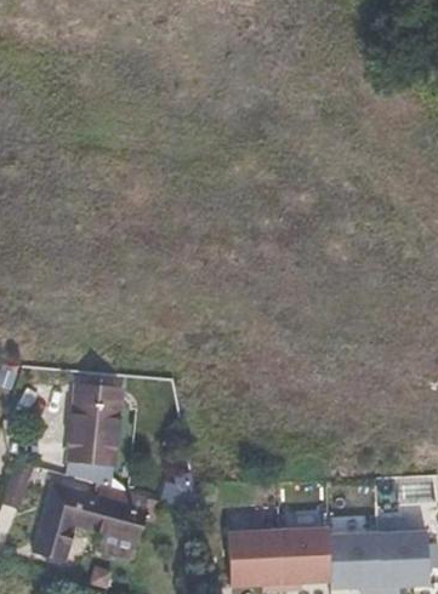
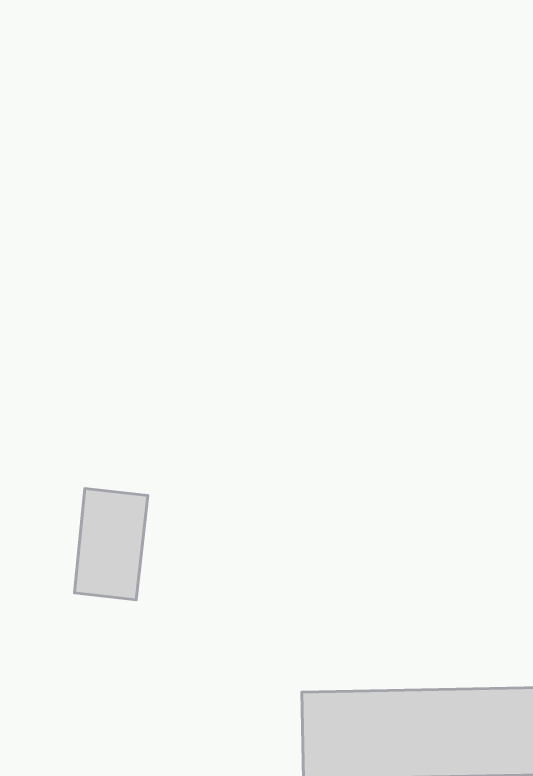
building: [34,482,158,556] -> none

